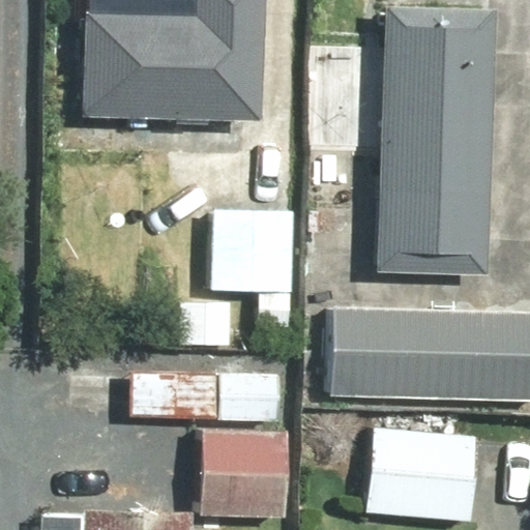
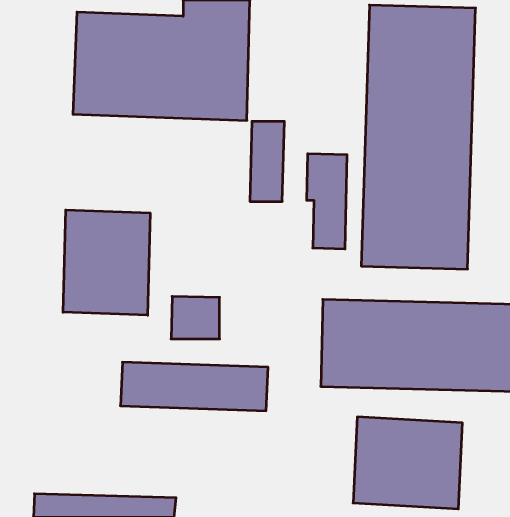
building: [212,209,295,325] -> none
building: none -> [63,210,150,315]
building: [199,429,289,514] -> none

